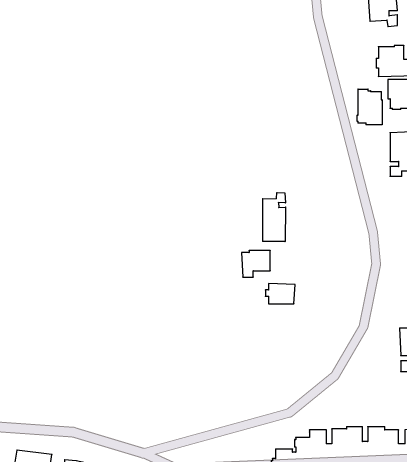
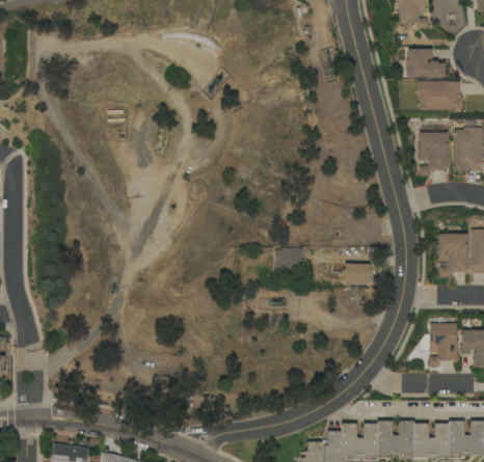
building: [357,89,382,125] -> none
building: [263,193,286,242] -> none
building: [265,284,295,304] -> [342,264,371,283]

